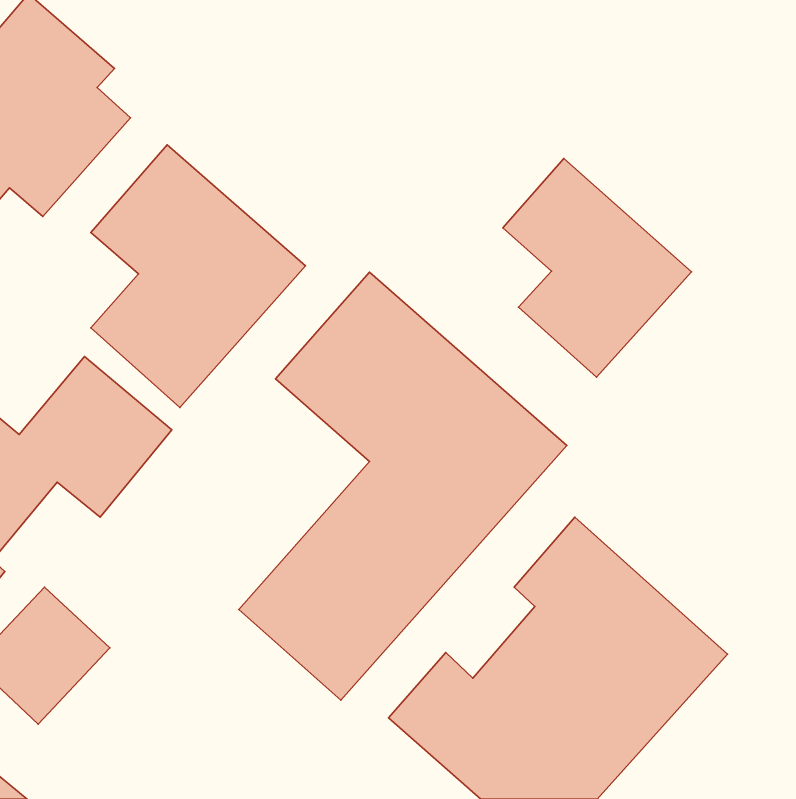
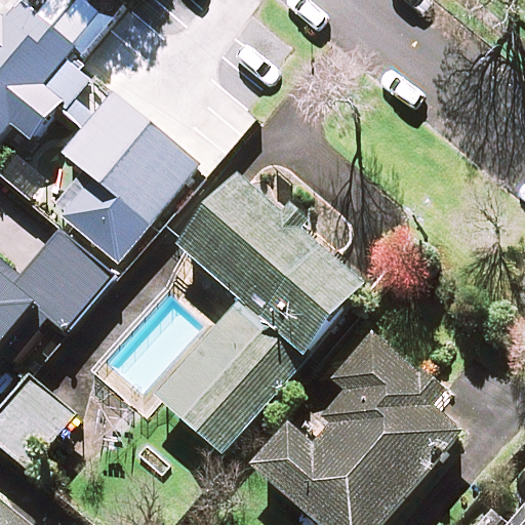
building: [503,159,692,377] -> none

